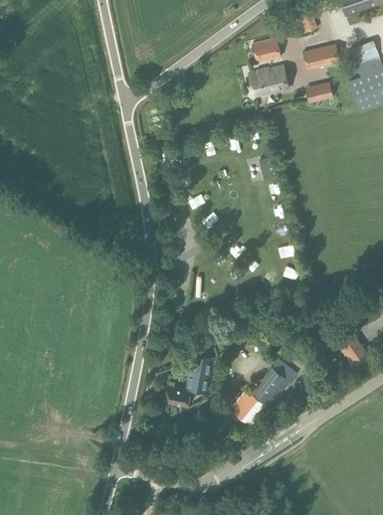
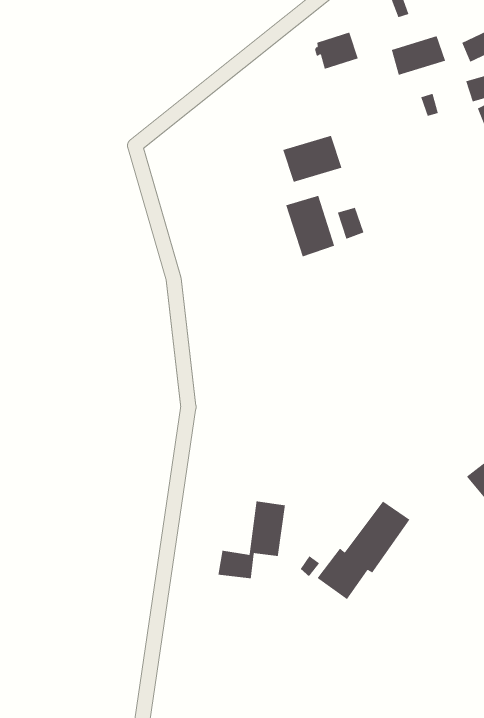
building: [248,65,289,97] -> [282,135,342,183]
building: none -> [285,195,335,258]

